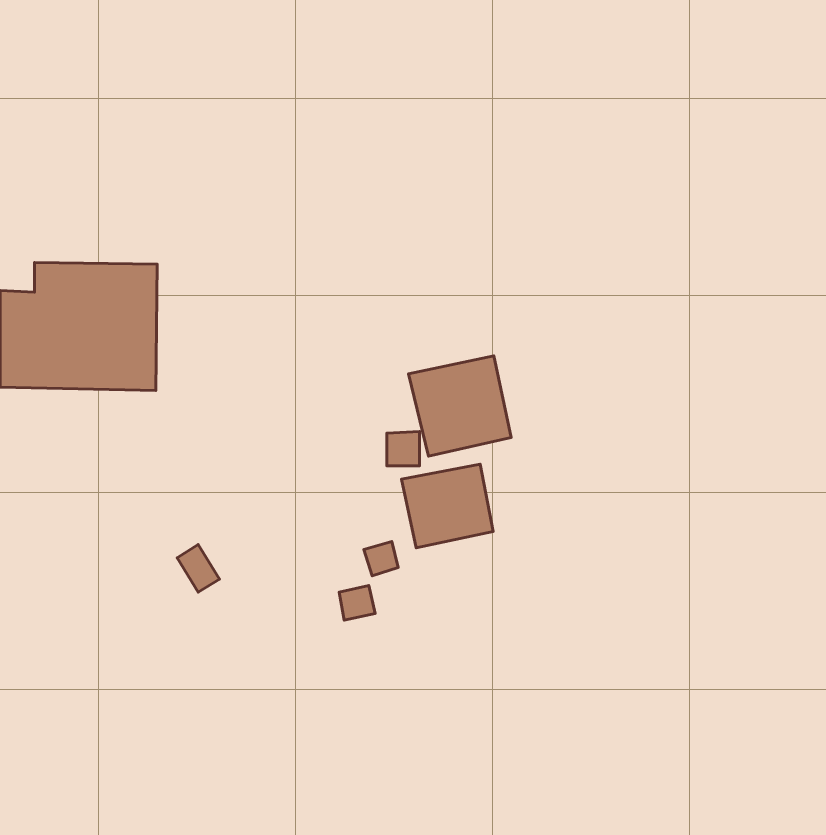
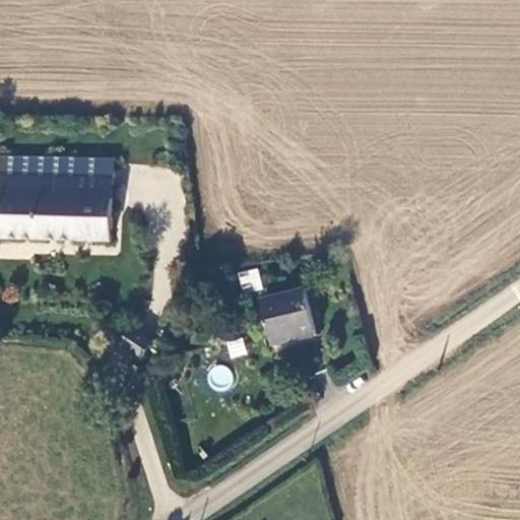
building: [408,356,511,456] -> none

